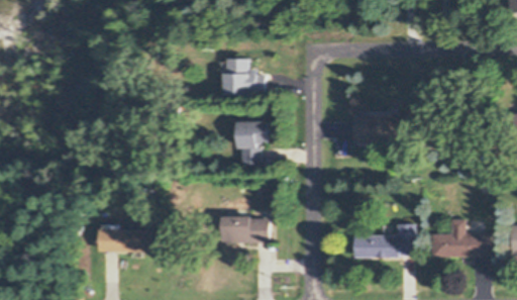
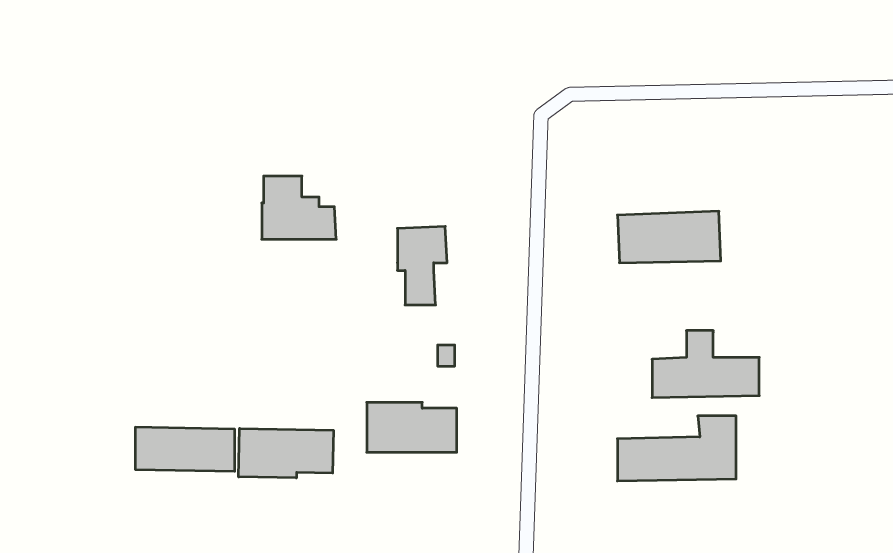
building: [224,58,264,91] -> [262,176,336,239]
building: [431,219,488,255] -> [652,331,759,398]
building: none -> [239,428,333,478]

